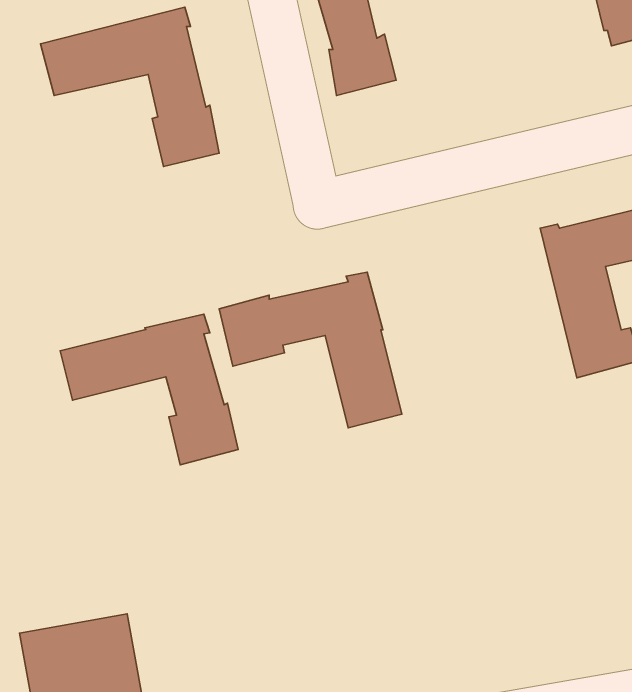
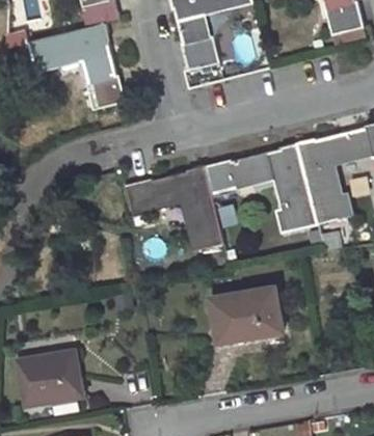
building: none -> [204,142,317,233]
building: [60,314,238,465] -> none
building: none -> [209,288,282,343]

